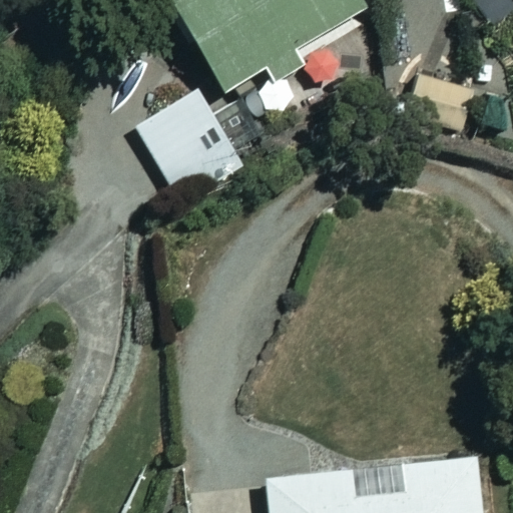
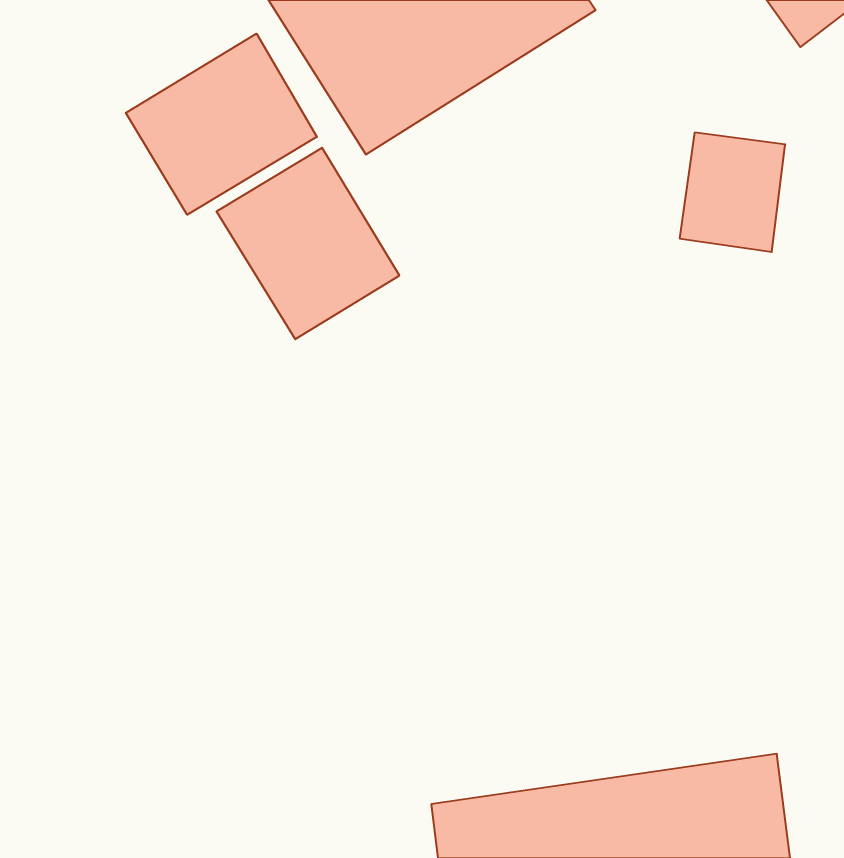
building: none -> [126,34,317,215]

